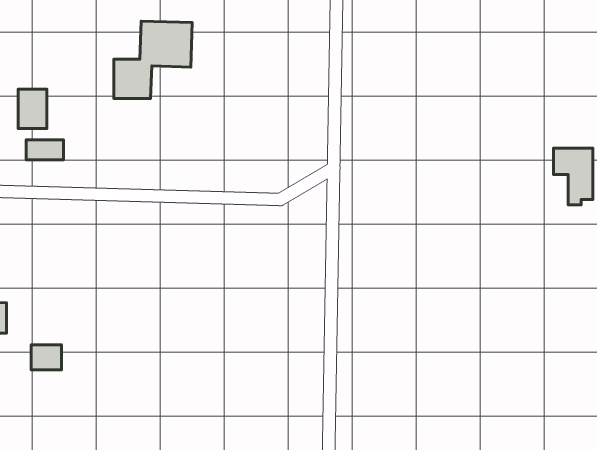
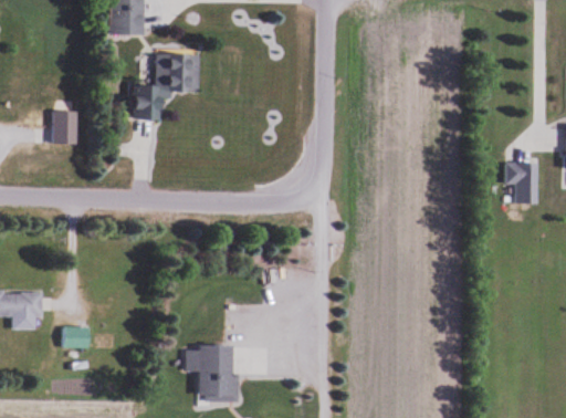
building: [26,140,64,160] -> none
building: none -> [185,346,238,401]

